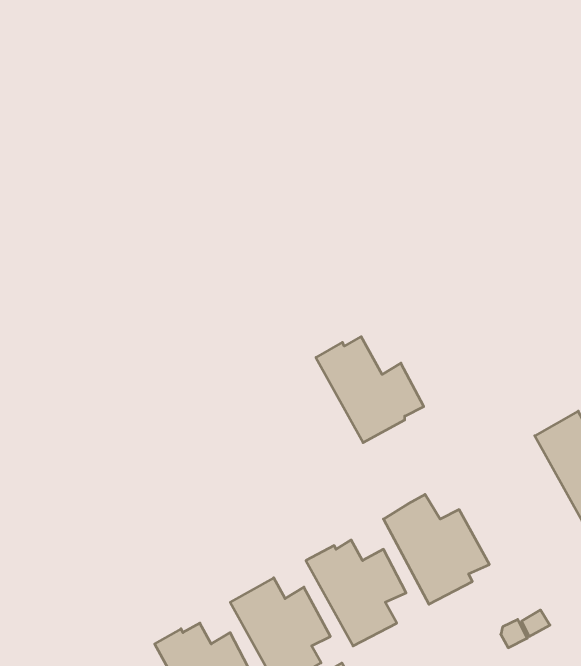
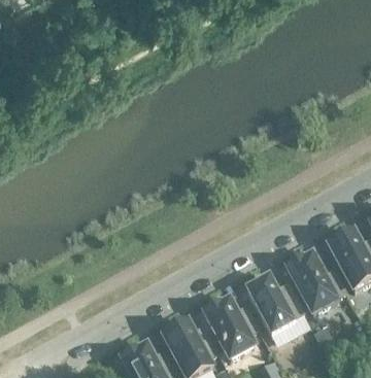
building: [316,337,424,443] -> [286,255,345,313]

